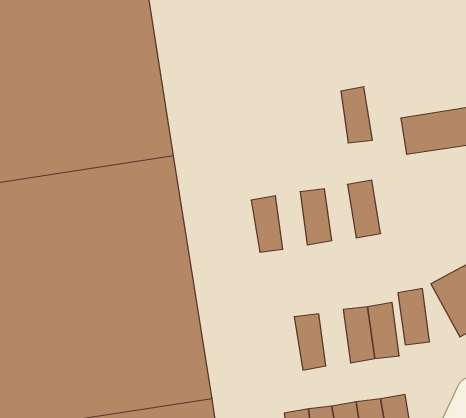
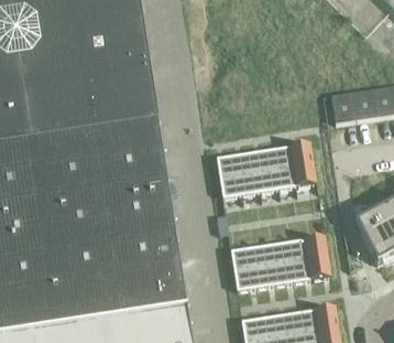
building: [341,87,372,143] -> [273,143,297,186]
building: none -> [236,149,260,193]
building: [398,289,430,345] -> [269,239,293,282]
building: none -> [231,245,256,288]

